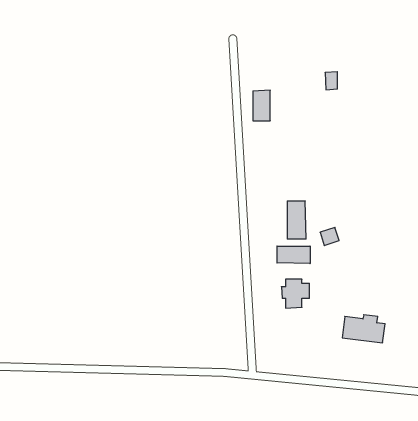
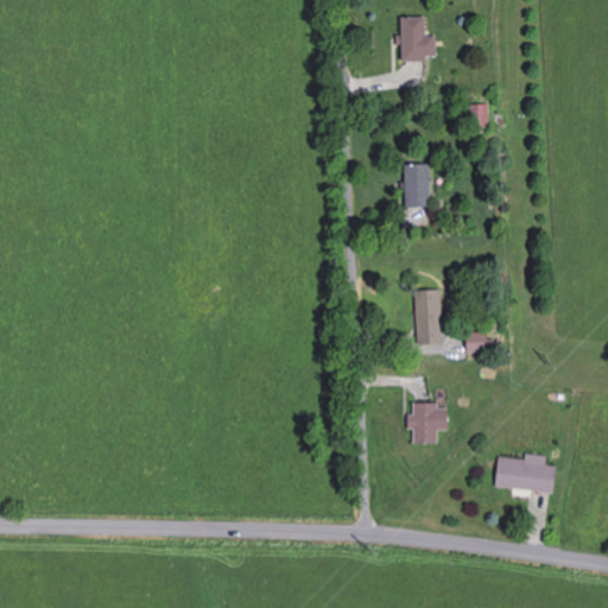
building: none -> [399,17,435,59]
building: [253,90,270,121] -> [404,164,429,208]
building: [277,246,310,264] -> none

